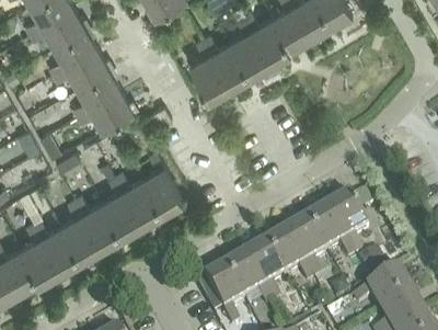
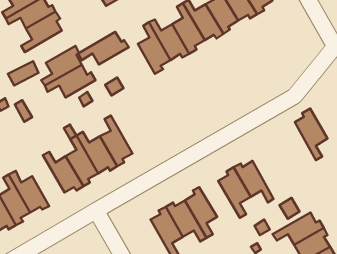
building: [54,46,115,86] -> [78,32,129,65]
building: [330,187,369,250] -> [295,109,327,160]
building: [62,197,102,259] -> none
building: [265,228,314,277] -> none

